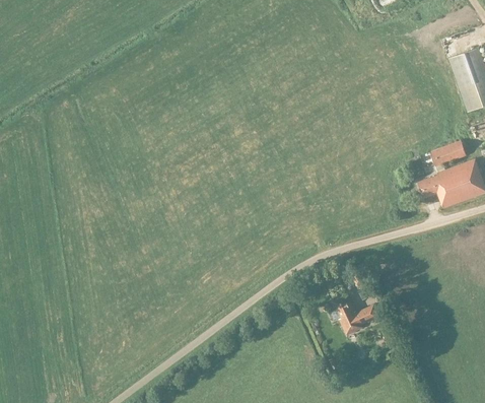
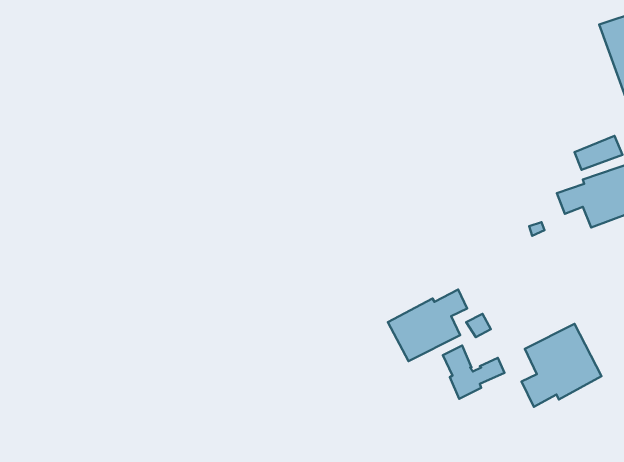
building: none -> [388,290,467,361]
building: none -> [522,324,602,407]

